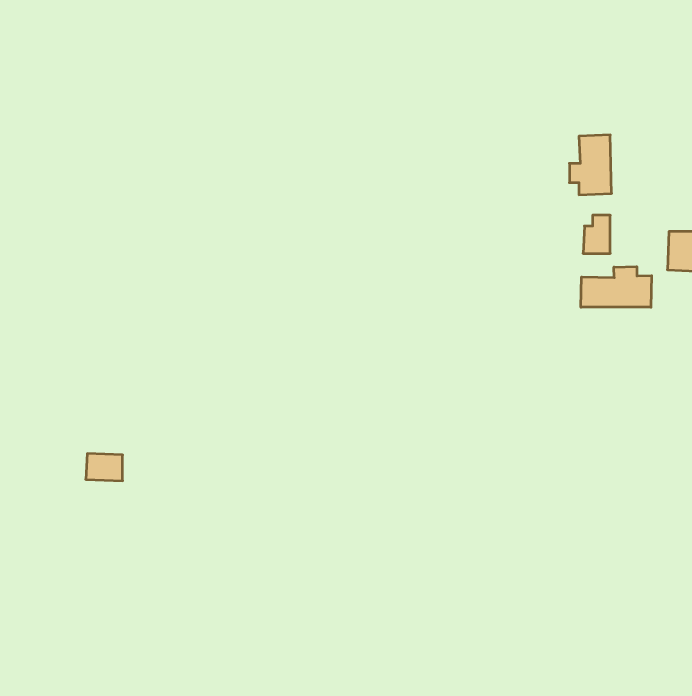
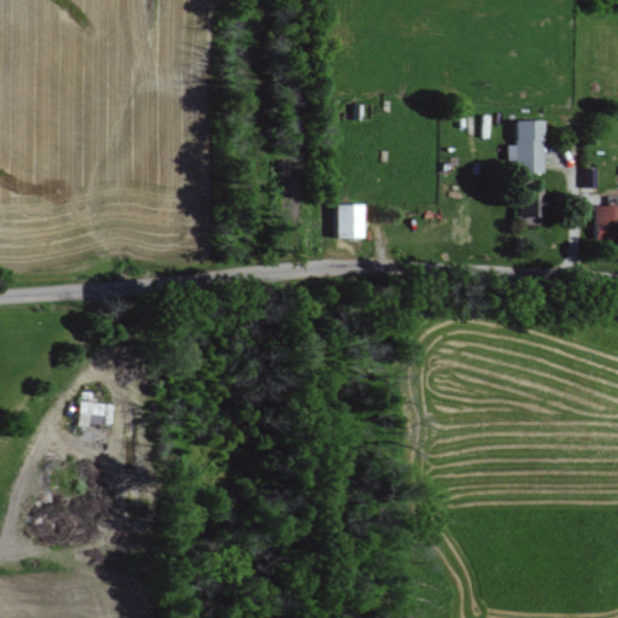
building: none -> [338,204,366,238]
building: [581,267,652,307] -> none

